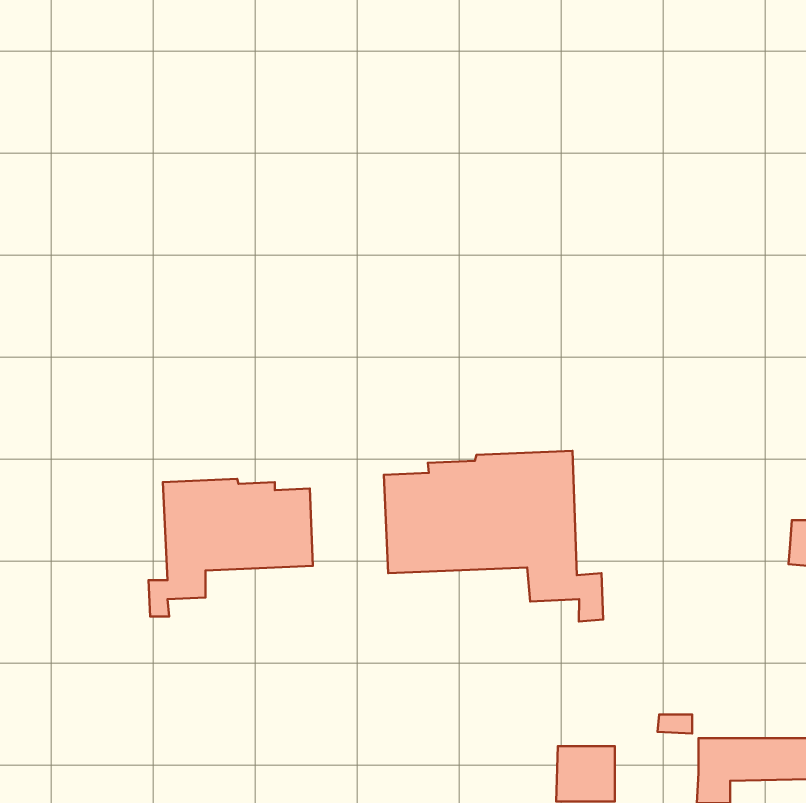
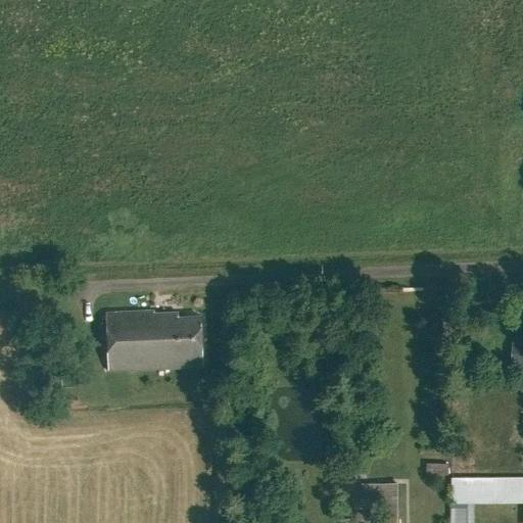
building: [384,451,603,621] -> none

